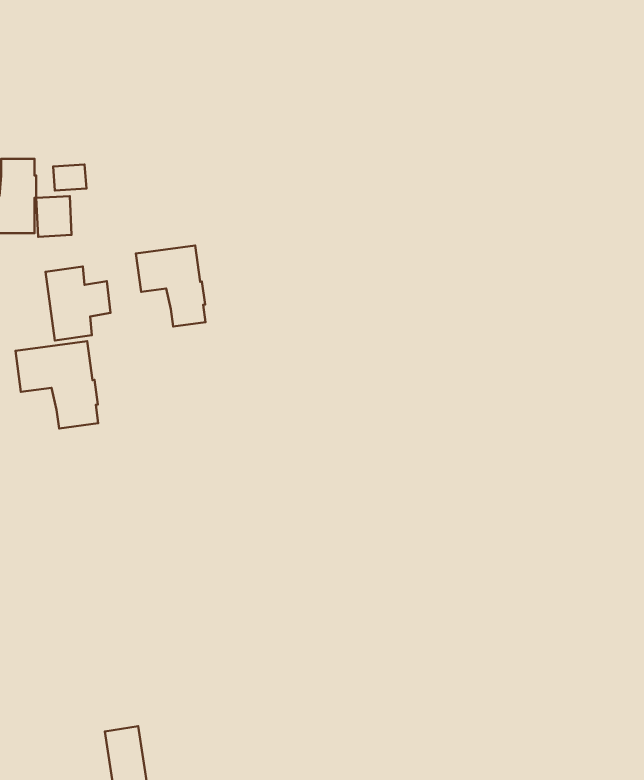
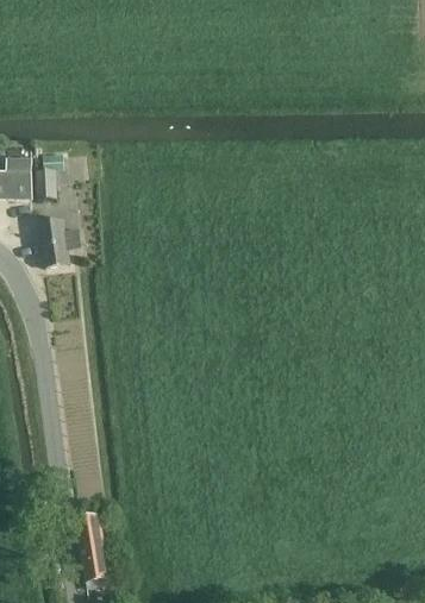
building: [136,246,206,326] -> none
building: [15,341,98,428] -> none

